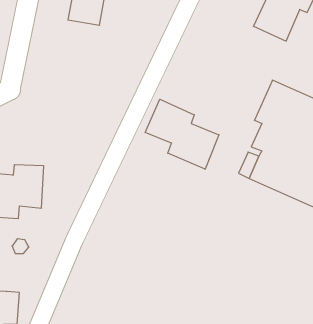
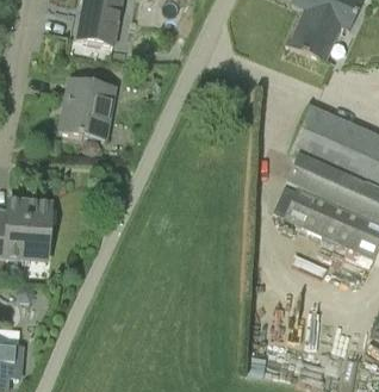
building: none -> [60,76,117,139]
building: [145,99,219,169] -> none

